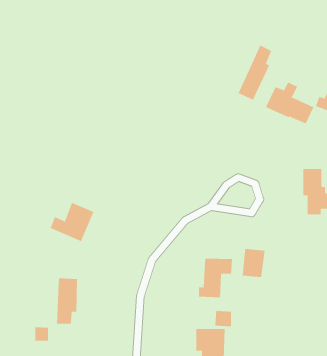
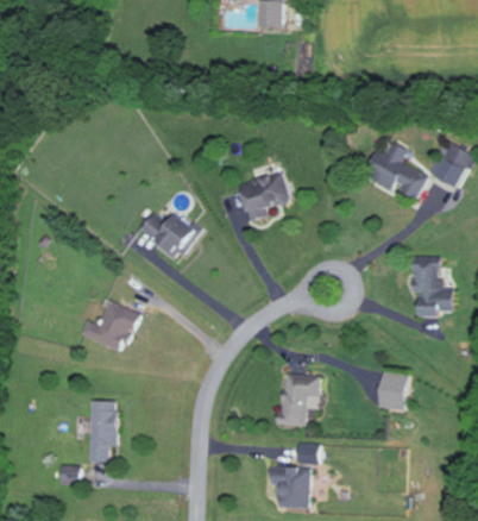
building: [238,45,272,101] -> none
building: none -> [239,172,290,221]
building: none -> [140,213,199,262]
building: [242,249,265,278] -> [378,372,409,410]

